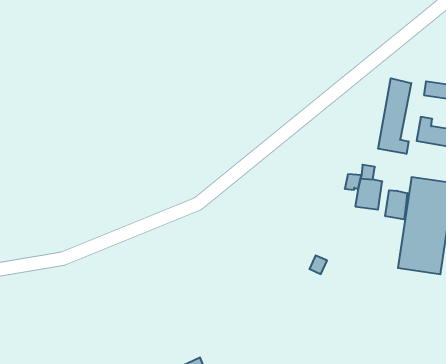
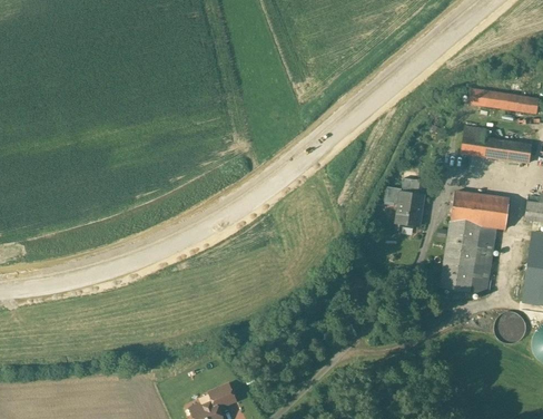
building: [378,78,411,154] -> none
building: [385,190,407,219] -> none

